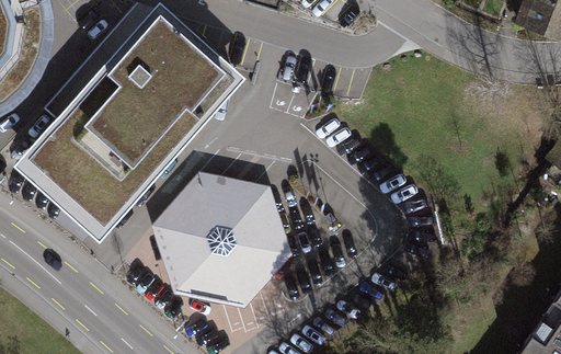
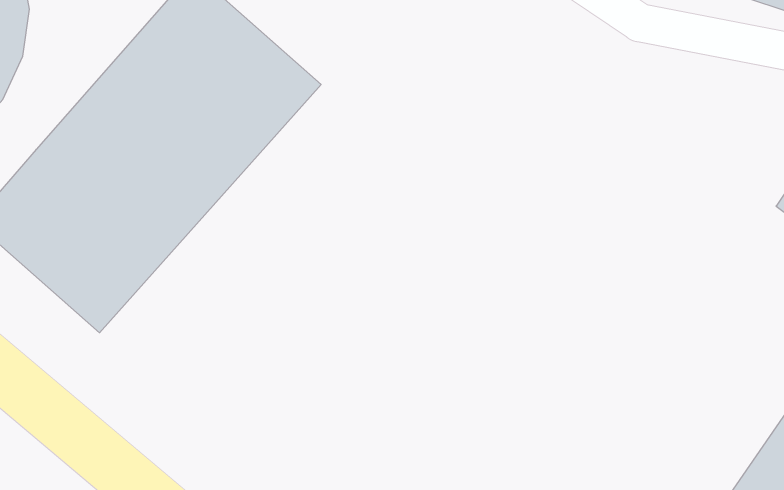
building: [154,172,287,304] -> none

